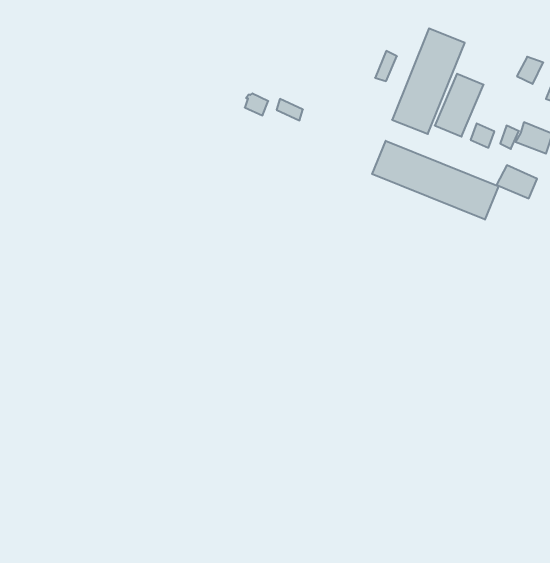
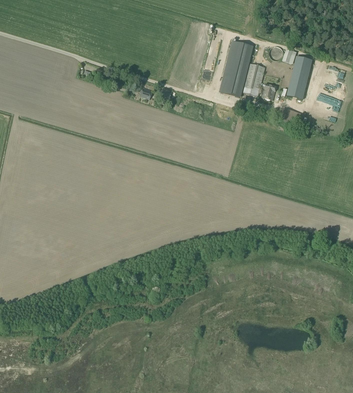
building: [372,141,499,220] -> none

